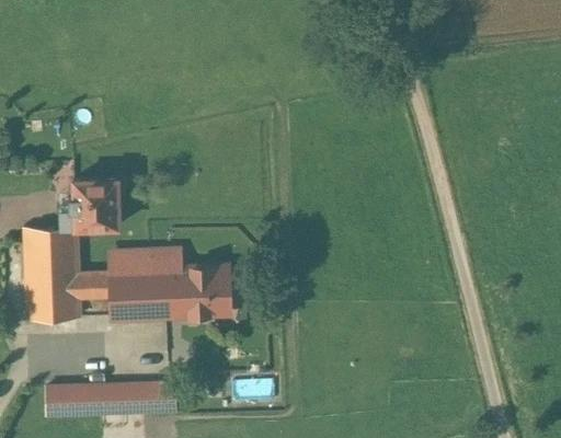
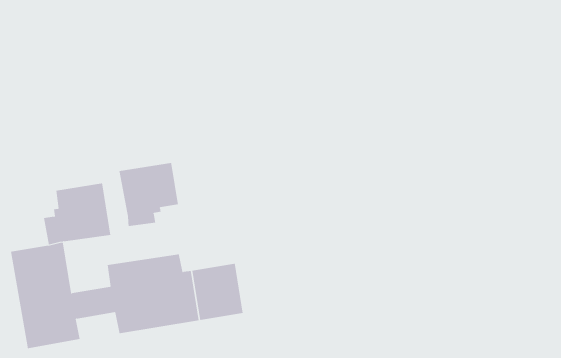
building: none -> [119,162,178,227]

